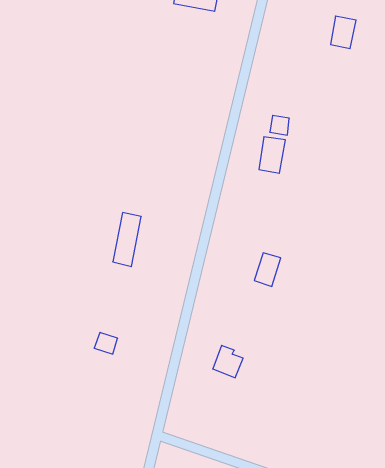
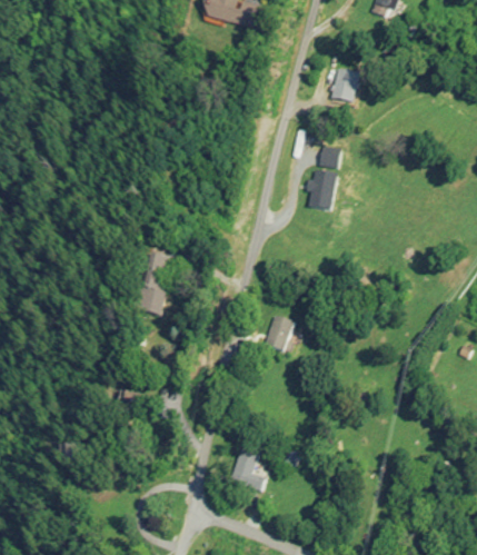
building: [331,16,356,49] -> [330,67,359,103]
building: [254,253,281,286] -> [264,314,294,351]
building: [213,345,243,378] -> [232,452,267,488]

